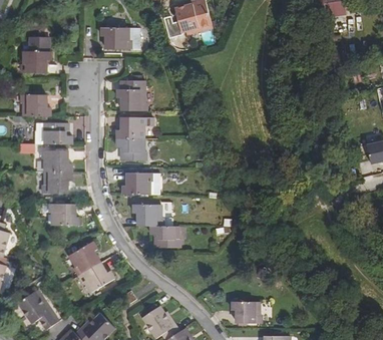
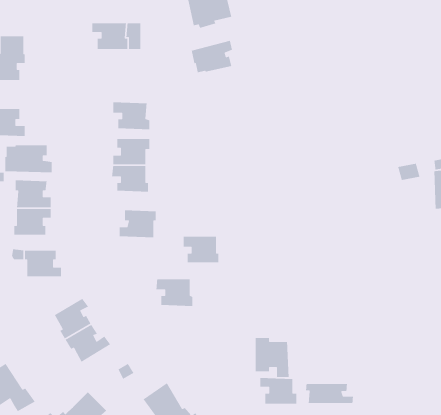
building: none -> [191,40,233,73]
building: [134,205,162,226] -> [183,236,219,263]
building: none -> [255,337,289,378]
building: none -> [305,383,354,404]

